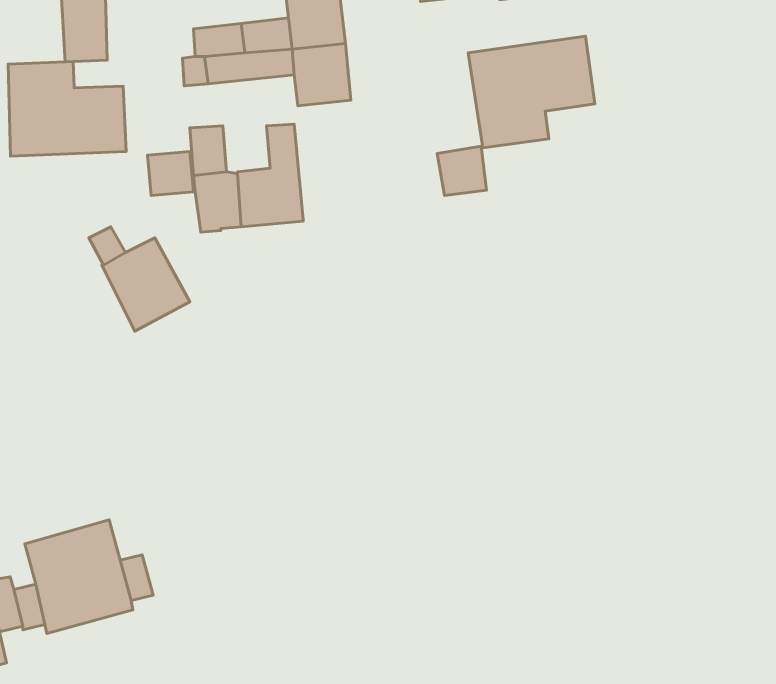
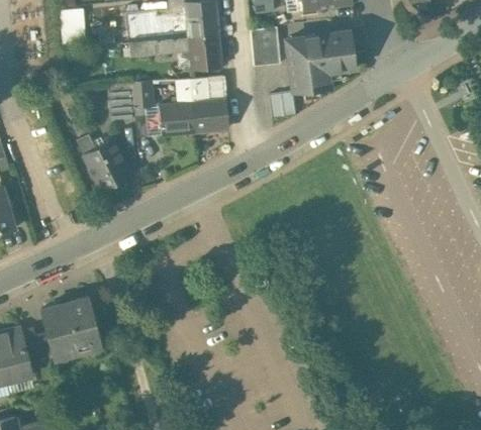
building: none -> [250,26,280,66]
building: [8,61,126,156] -> none
building: none -> [189,78,227,131]

